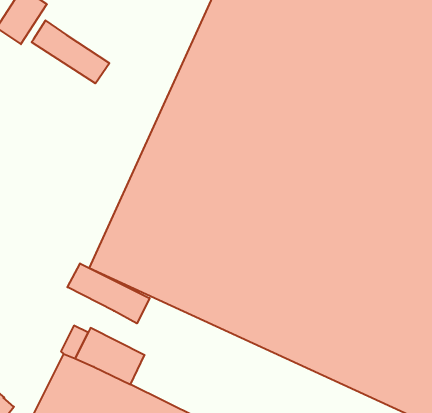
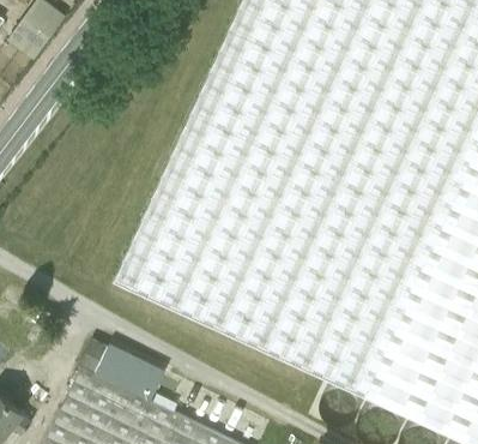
building: [32,20,109,83] -> none
building: [67,263,150,323] -> none

